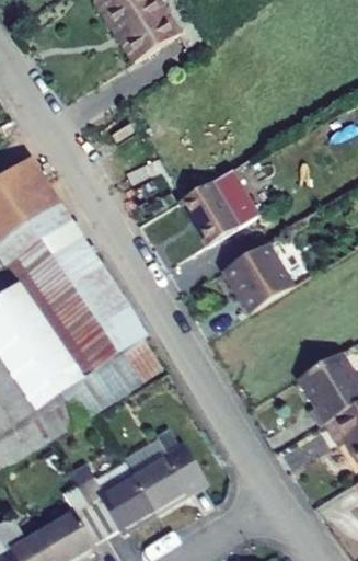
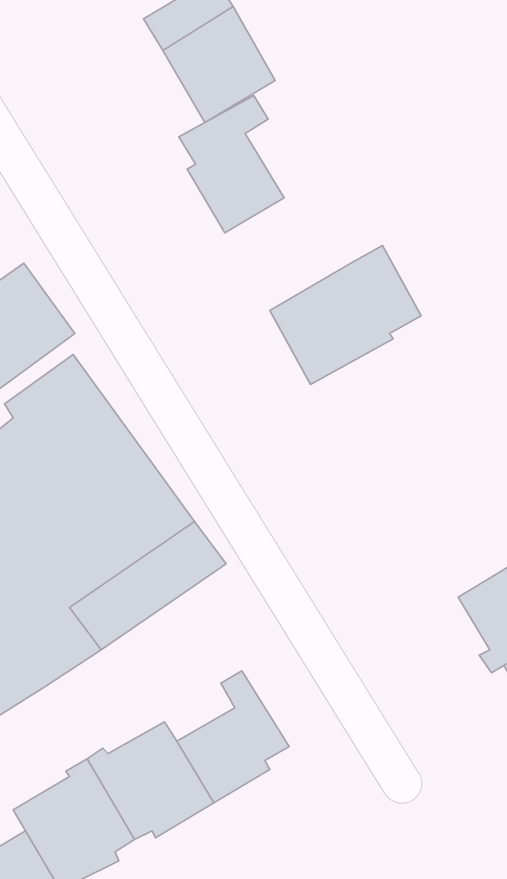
building: none -> [179,95,284,233]
building: [223,243,295,313] -> none

